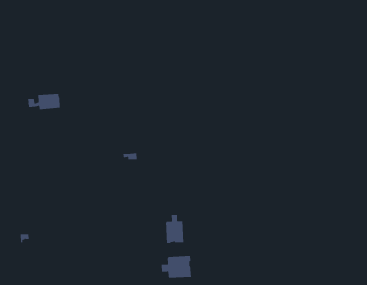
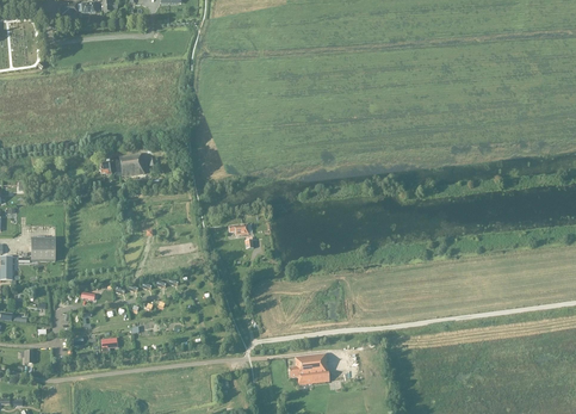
building: [165,214,184,244] -> none

